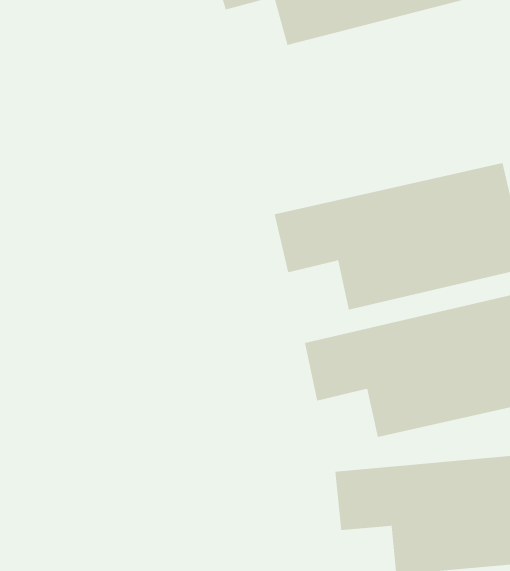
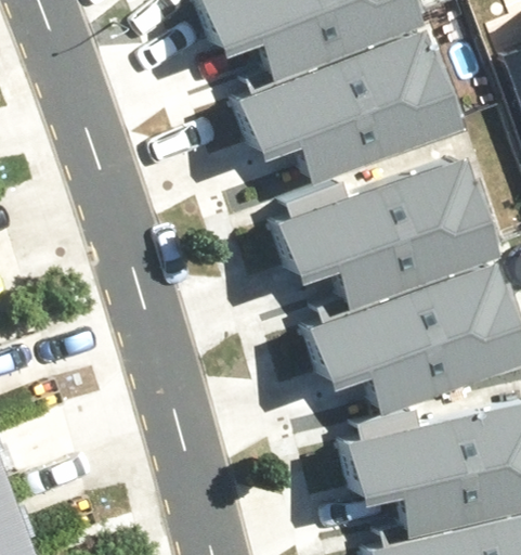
building: none -> [236,35,460,179]

